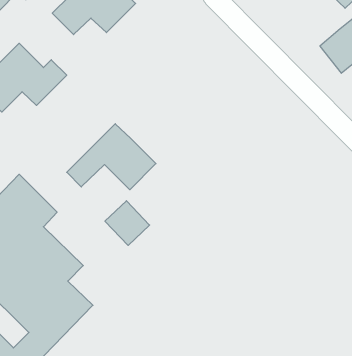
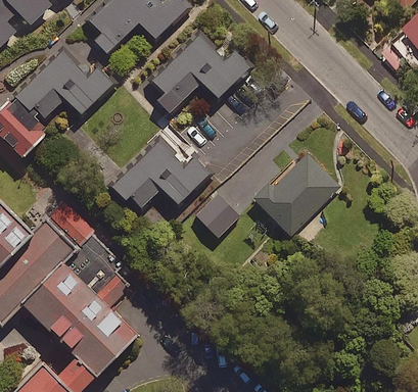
building: none -> [153,32,254,106]
building: none -> [254,152,341,237]
building: [105,201,150,245] -> [193,194,240,241]

